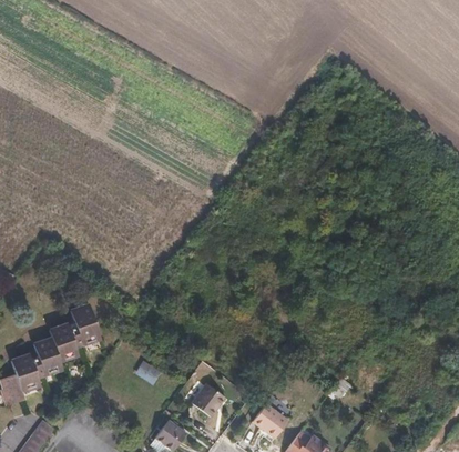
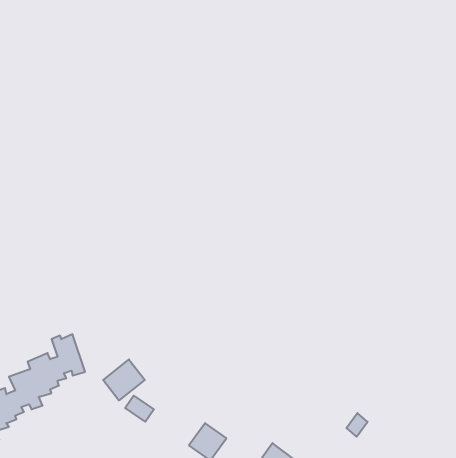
building: none -> [103,359,145,400]

